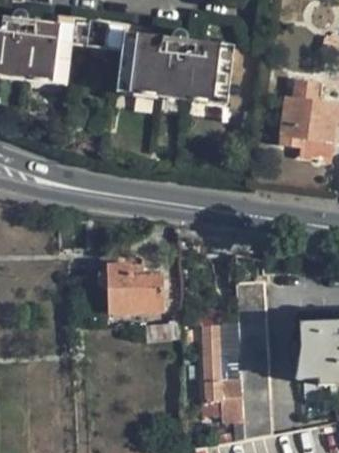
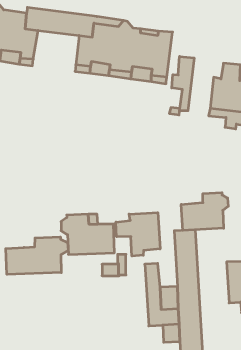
building: none -> [172,56,194,111]
building: none -> [181,193,228,230]
building: none -> [116,213,160,256]
building: none -> [6,237,68,274]

